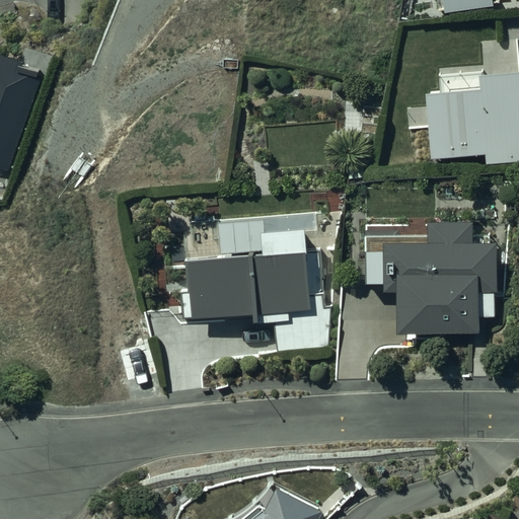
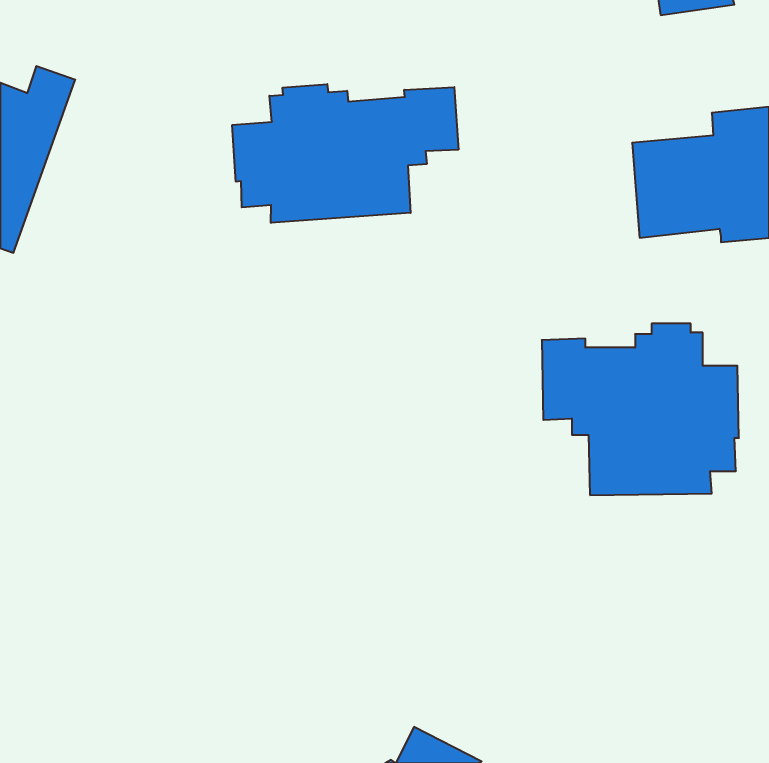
building: none -> [232,84,458,223]
building: [182,220,310,323] -> none

